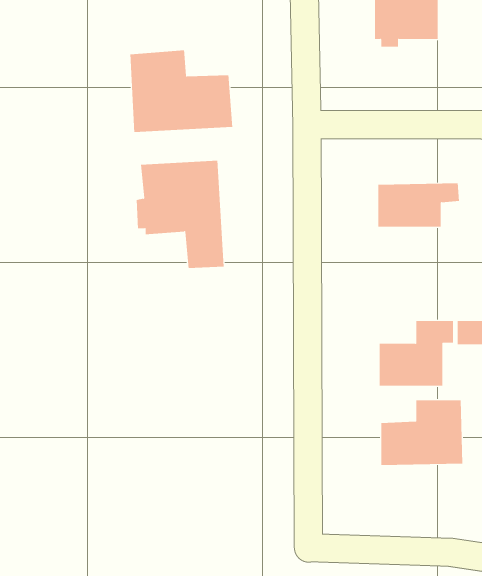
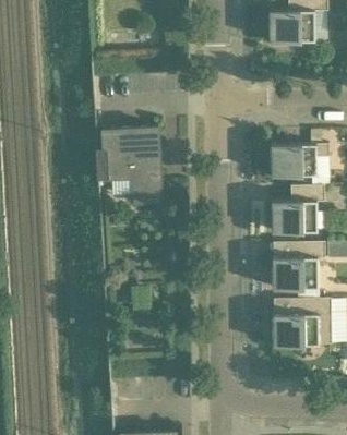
building: [130,50,233,133] -> none
building: none -> [271,185,324,232]

